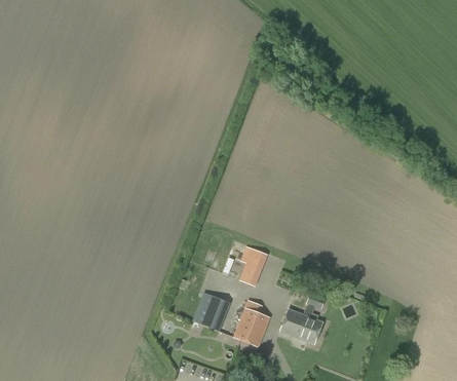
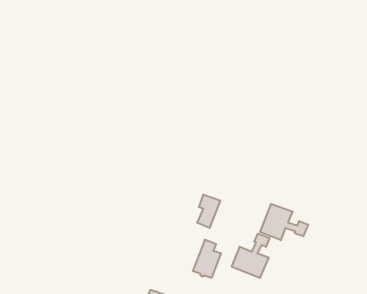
building: none -> [260,204,308,240]
building: [192,292,230,332] -> none

